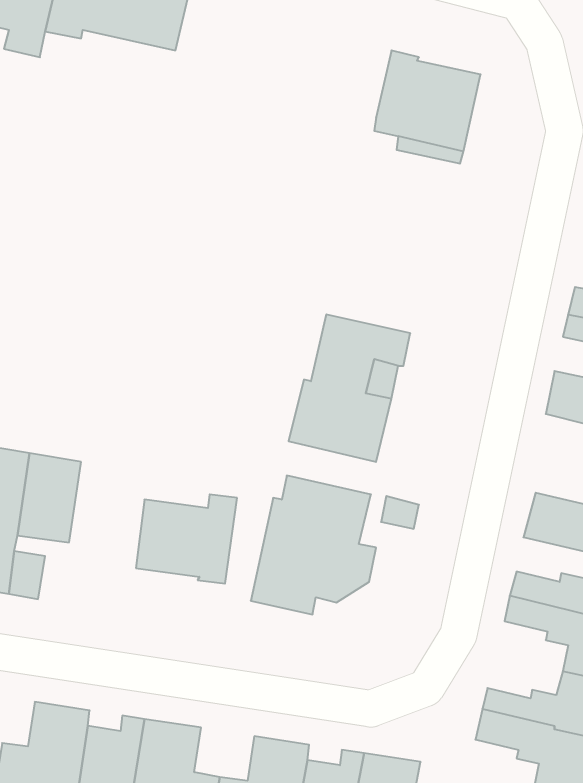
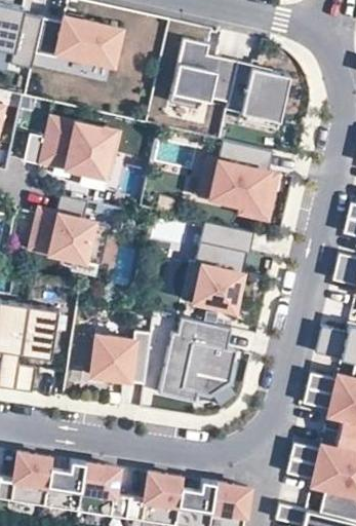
building: none -> [173,42,240,112]
building: none -> [22,118,116,178]
building: none -> [205,143,282,224]
building: none -> [29,198,107,264]

